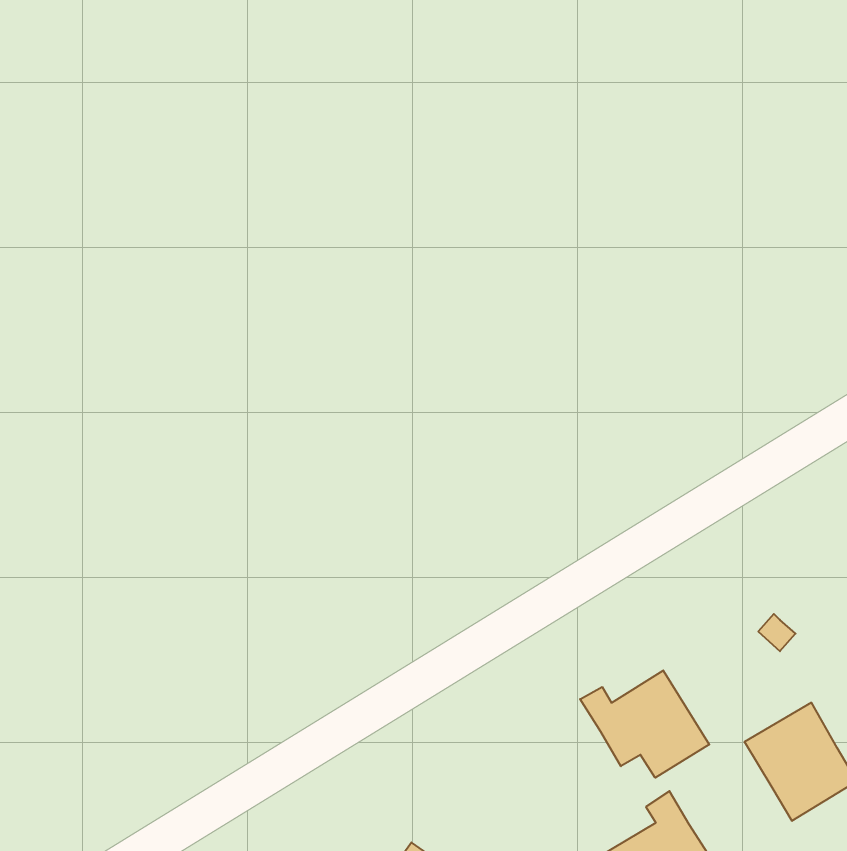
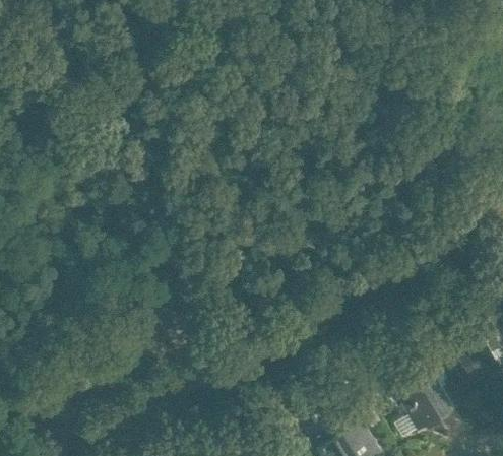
building: [580,670,709,778] -> none

